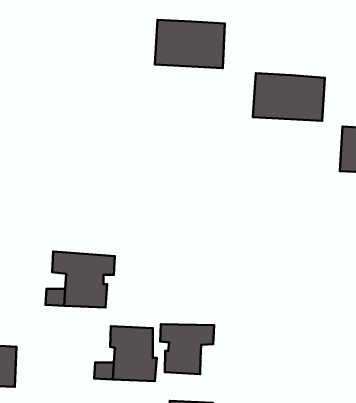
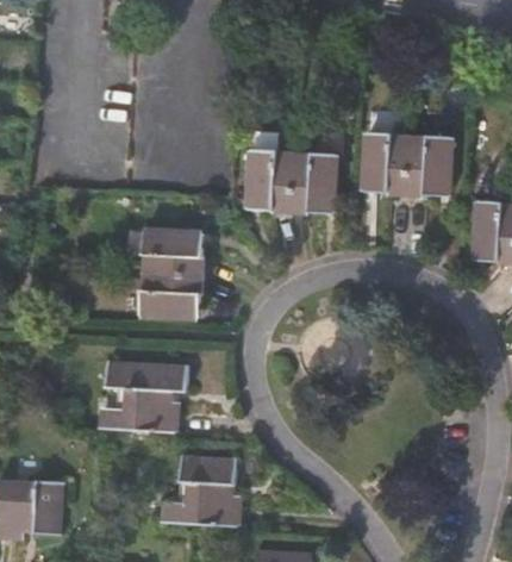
building: [155,20,225,68] -> [248,150,337,212]
building: none -> [141,230,202,320]
building: [160,324,214,374] -> none

